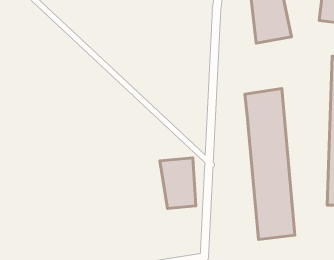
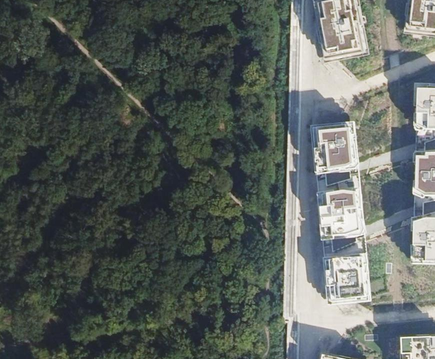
building: [160,158,196,208] -> none

